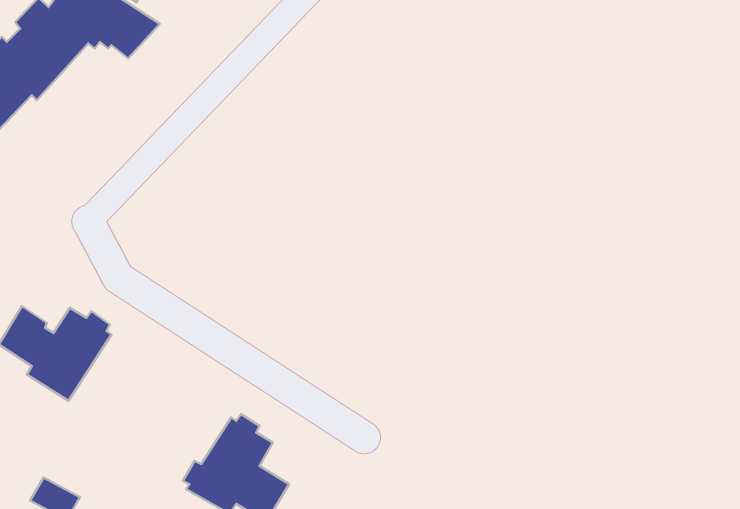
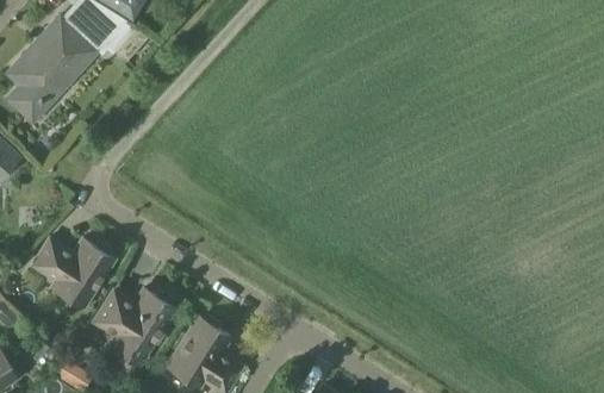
building: none -> [93,288,173,364]

